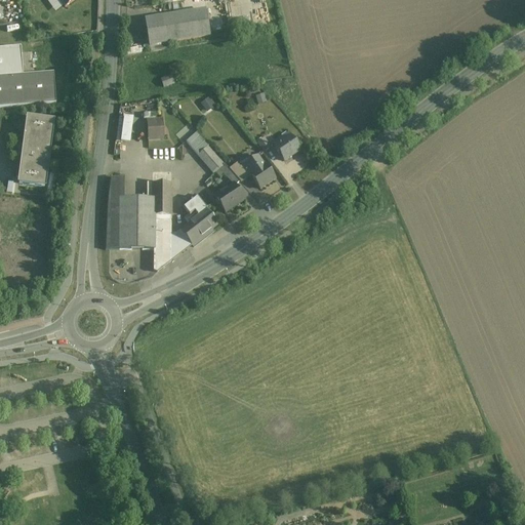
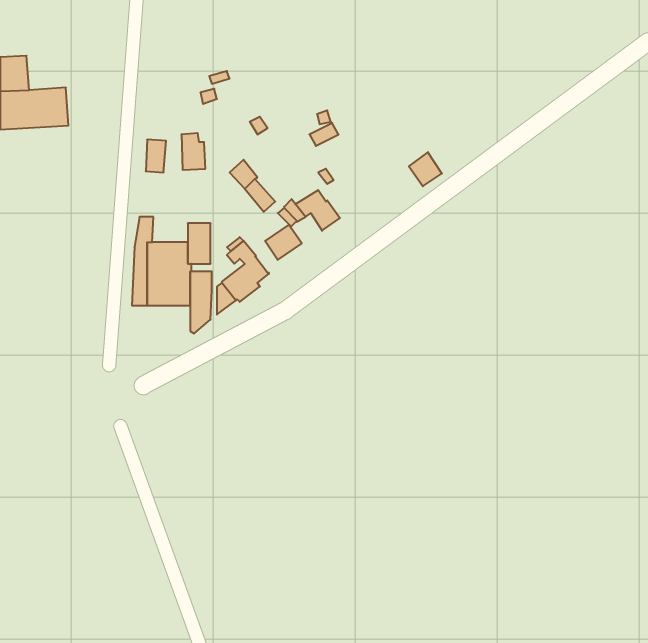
building: [145,7,210,43] -> none
building: [18,116,53,184] -> none
building: [273,130,299,158] -> [409,152,442,186]

